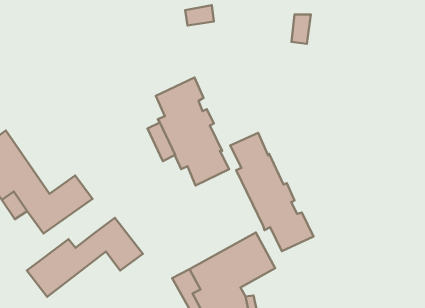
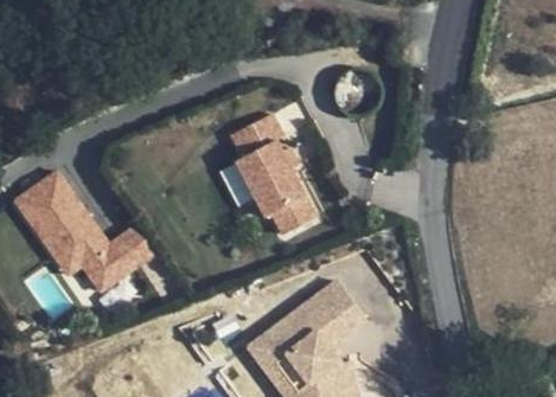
building: [230,133,314,251] -> none
building: [27,218,143,297] -> none

